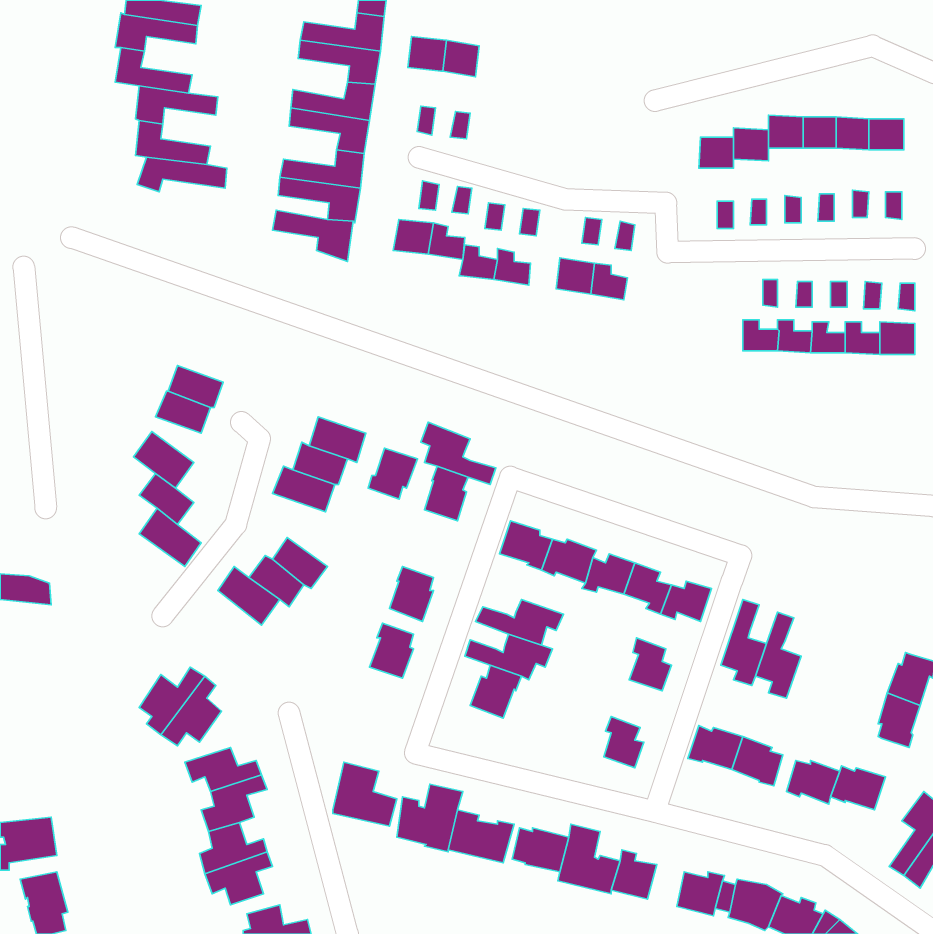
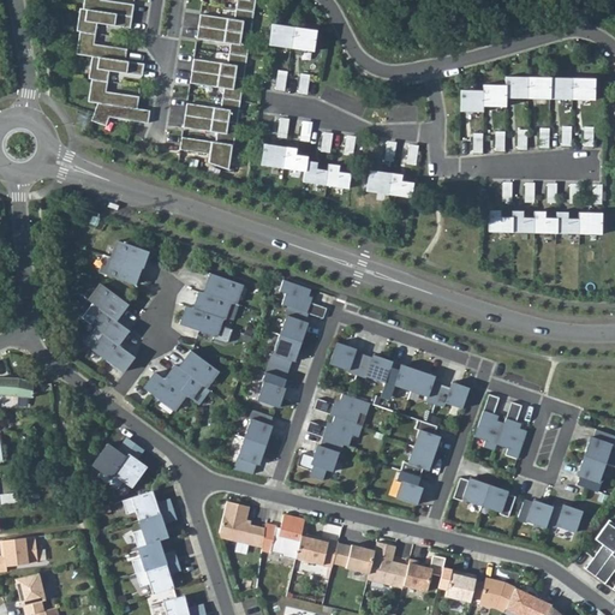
building: [368,448,418,499] -> [269,335,301,369]
building: none -> [233,438,265,474]
building: none -> [402,447,436,478]

